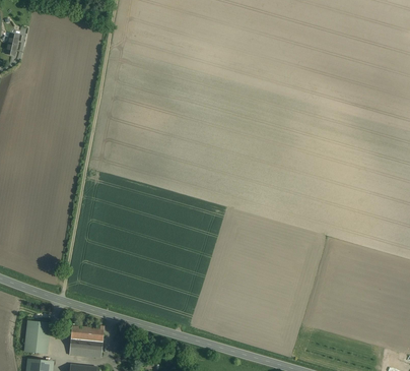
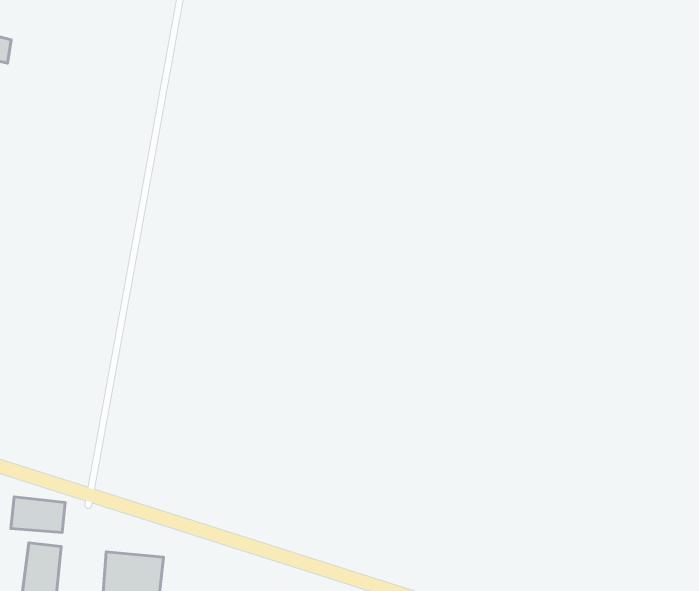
building: none -> [11,497,65,532]

